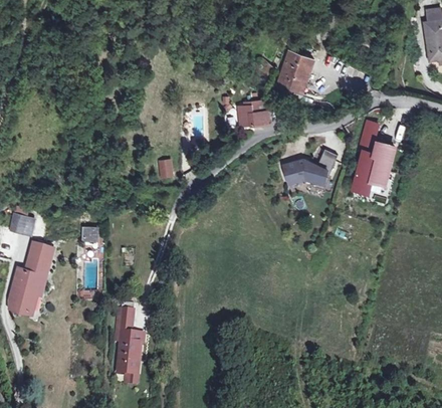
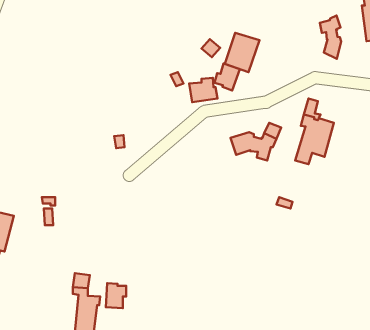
building: none -> [320,15,341,59]
building: none -> [215,63,240,90]
building: none -> [106,283,126,308]

